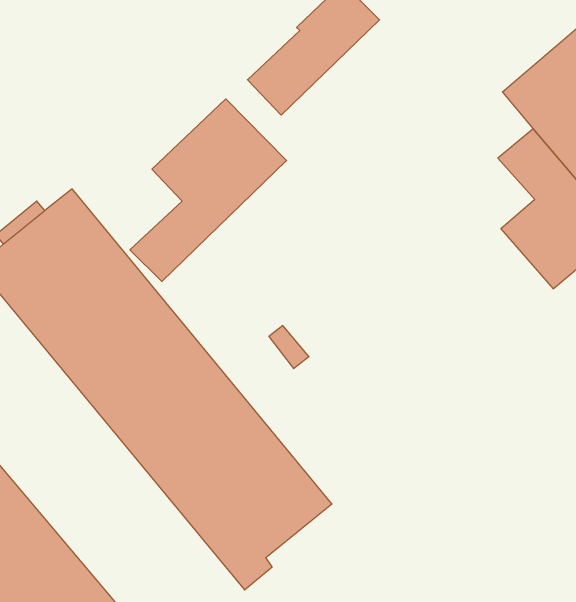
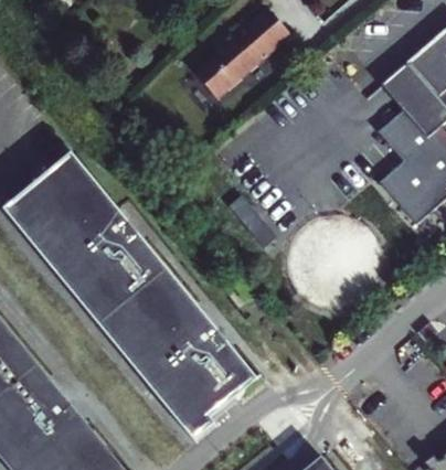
building: [130,99,287,281] -> none

